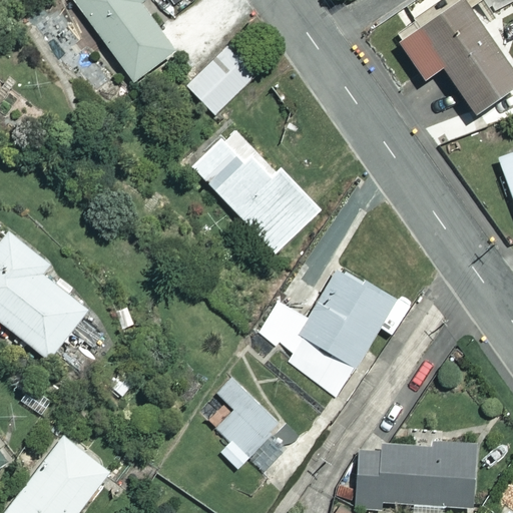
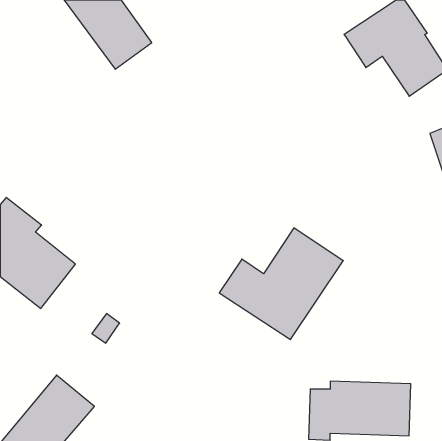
building: [187,42,261,116] -> none
building: [192,127,321,252] -> none
building: [217,379,281,469] -> none

